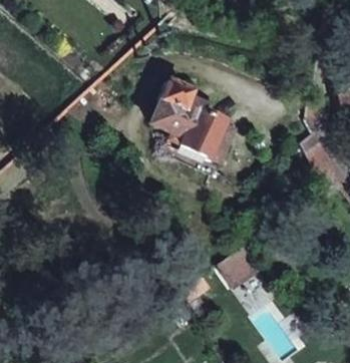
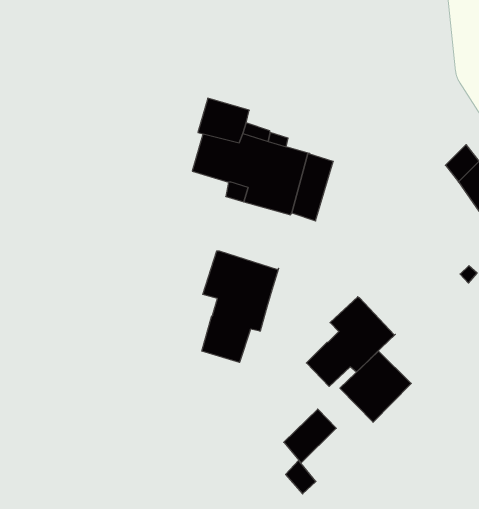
building: none -> [202,251,279,362]
building: none -> [306,297,395,386]

